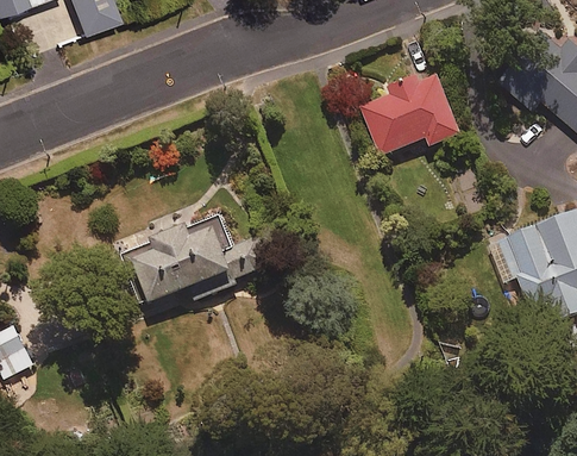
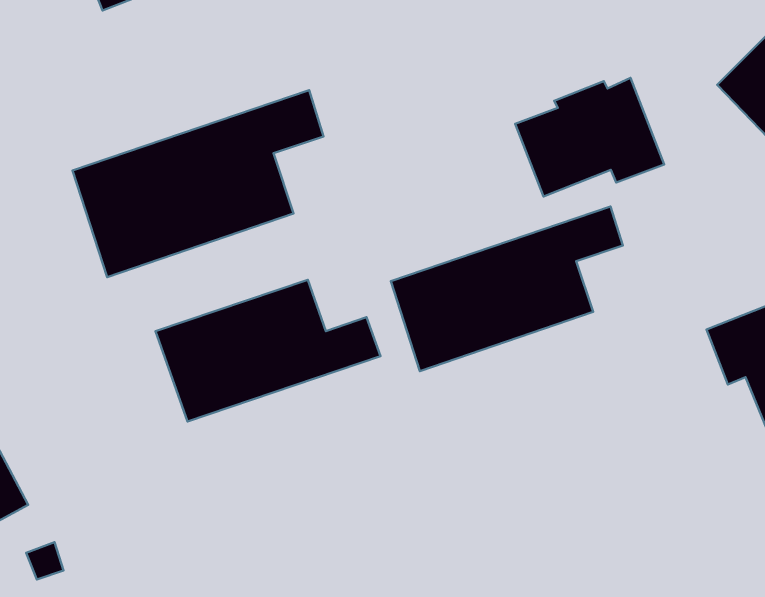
building: none -> [72,90,324,277]
building: none -> [391,206,623,371]

